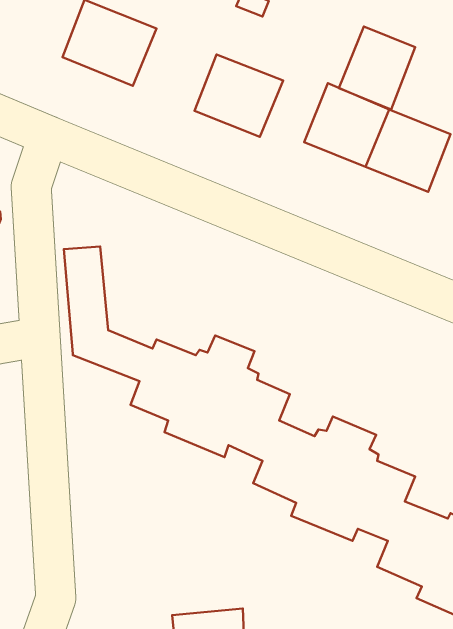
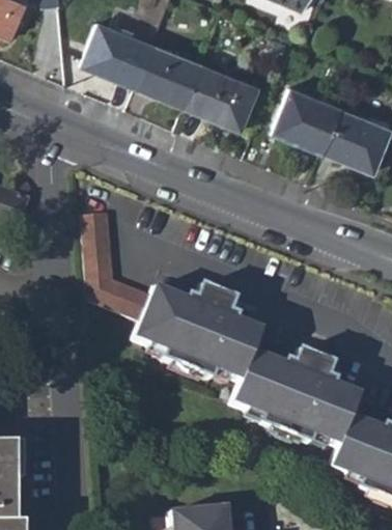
building: [339,27,415,109] -> none
building: none -> [138,43,204,108]

